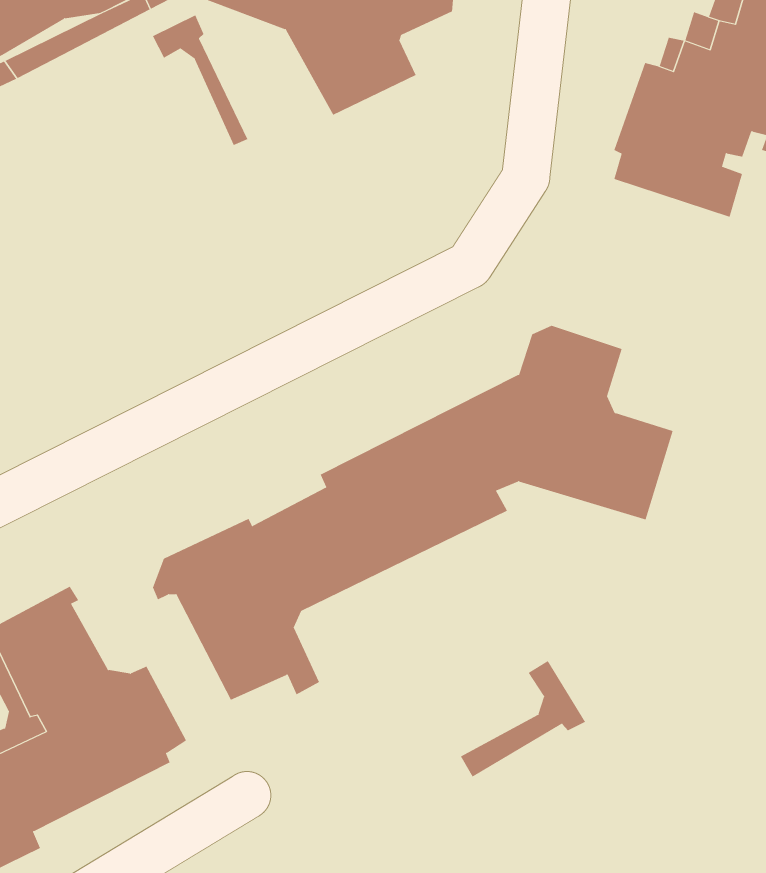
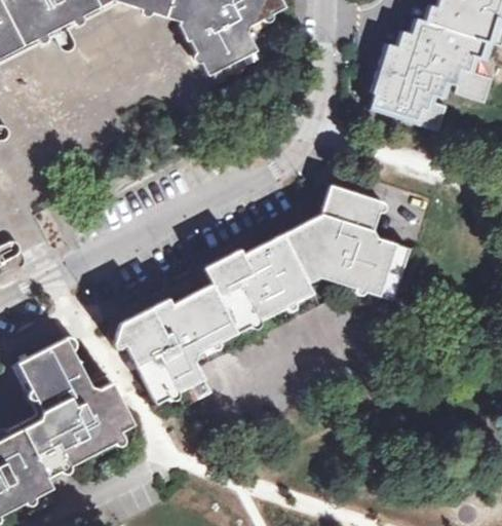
building: [152,14,248,146] -> none
building: [460,660,586,777] -> none

